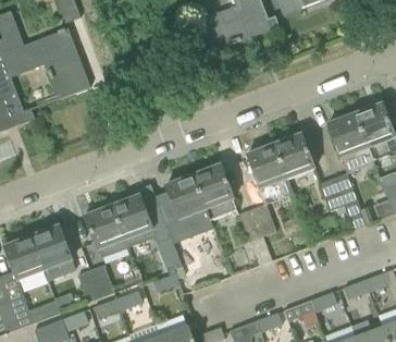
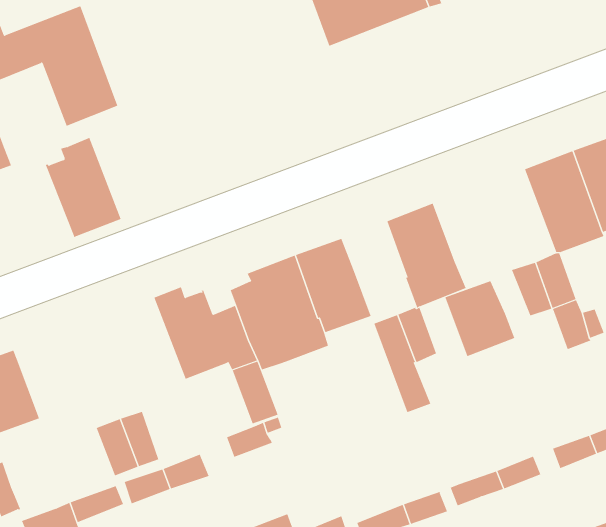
building: [273,133,314,178] -> [444,280,515,357]
building: [84,198,128,257] -> [45,137,122,238]
building: [28,218,75,279] -> none

